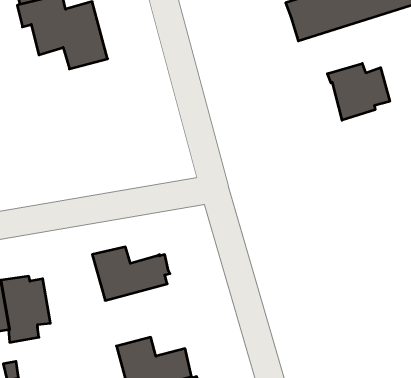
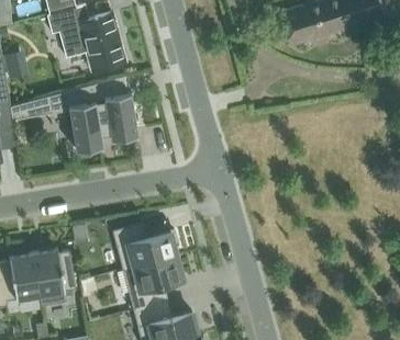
building: [327,63,390,120] -> none
building: none -> [48,78,138,151]
building: none -> [123,256,184,309]

